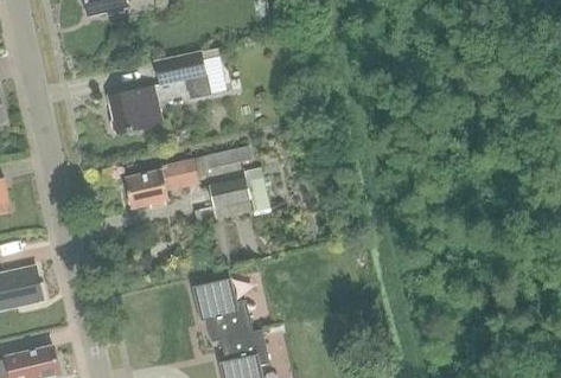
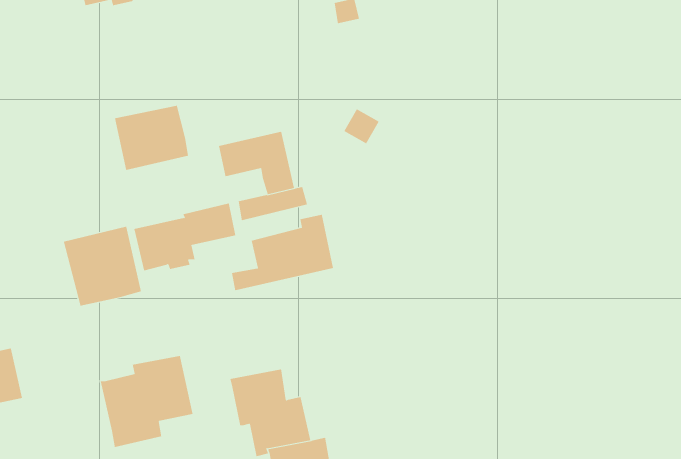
building: [155,51,211,97] -> [218,131,295,195]
building: none -> [63,226,142,306]
building: none -> [100,355,193,448]

